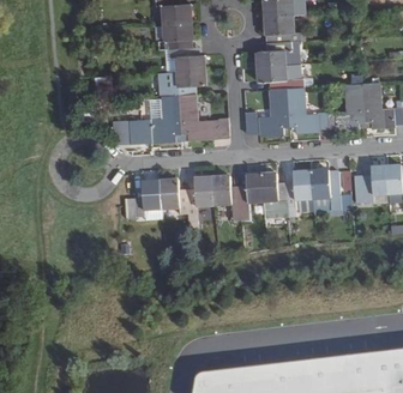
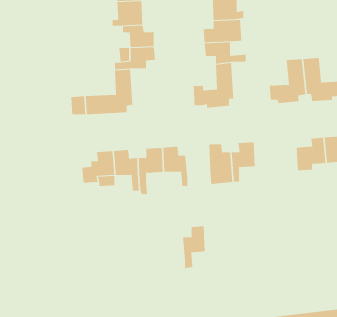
building: [287,86,327,133] -> none
building: [179,93,229,139] -> none
building: [311,170,338,211] -> none
building: [237,174,263,219] -> [182,226,206,268]

